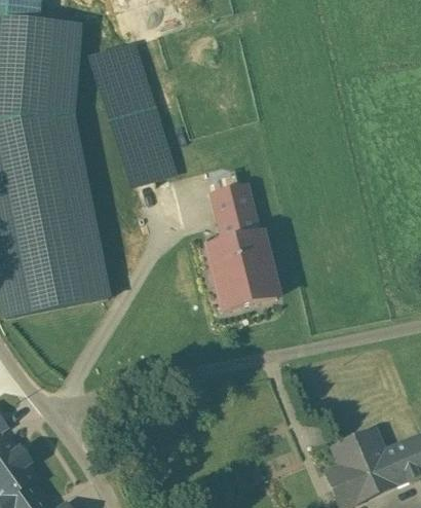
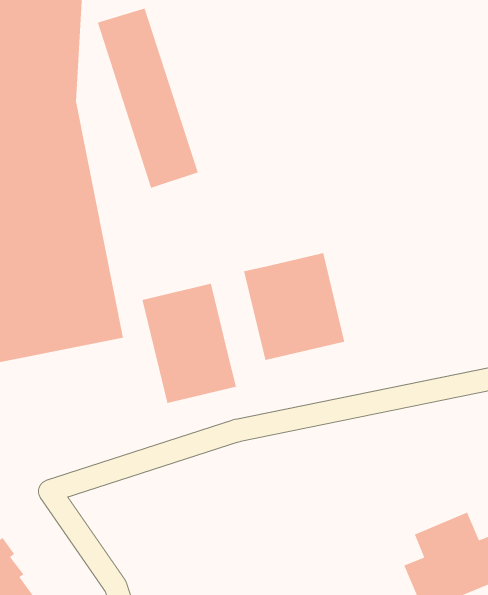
building: [209,183,260,241] -> none
building: none -> [142,283,237,404]

